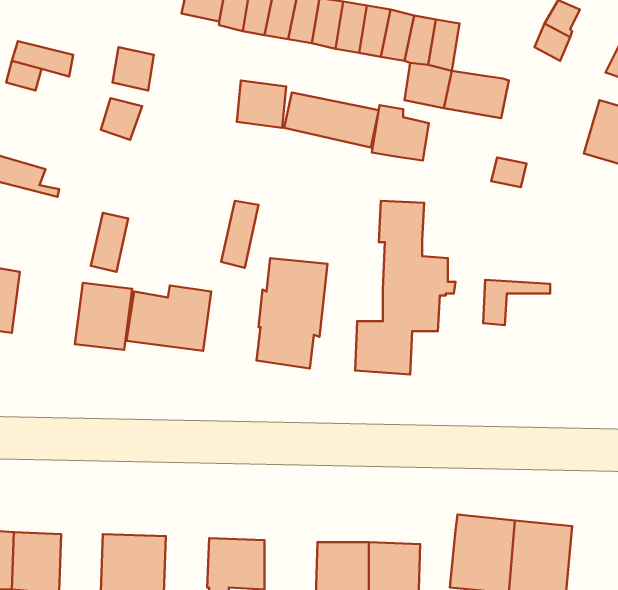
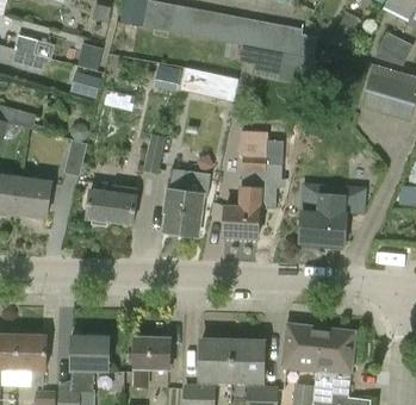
building: [372,105,429,161] -> [282,26,317,60]
building: [75,283,132,350] -> [17,176,51,217]
building: none -> [299,194,349,248]

